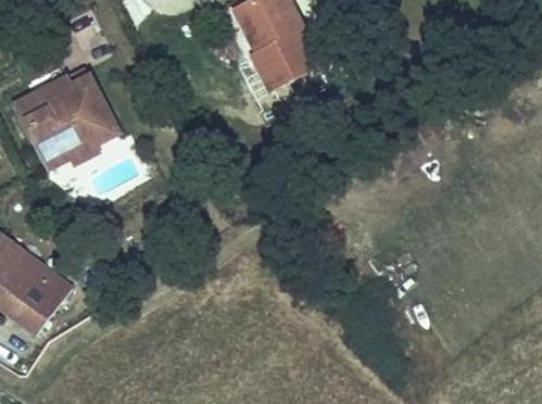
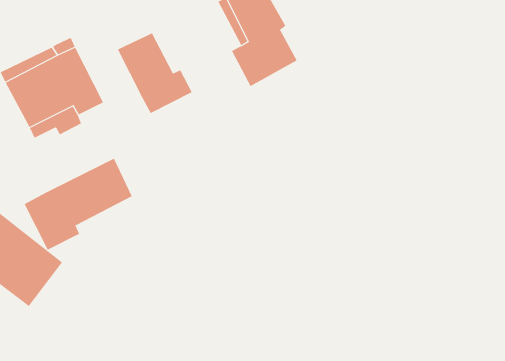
building: none -> [117,32,192,114]
building: none -> [24,158,132,251]

